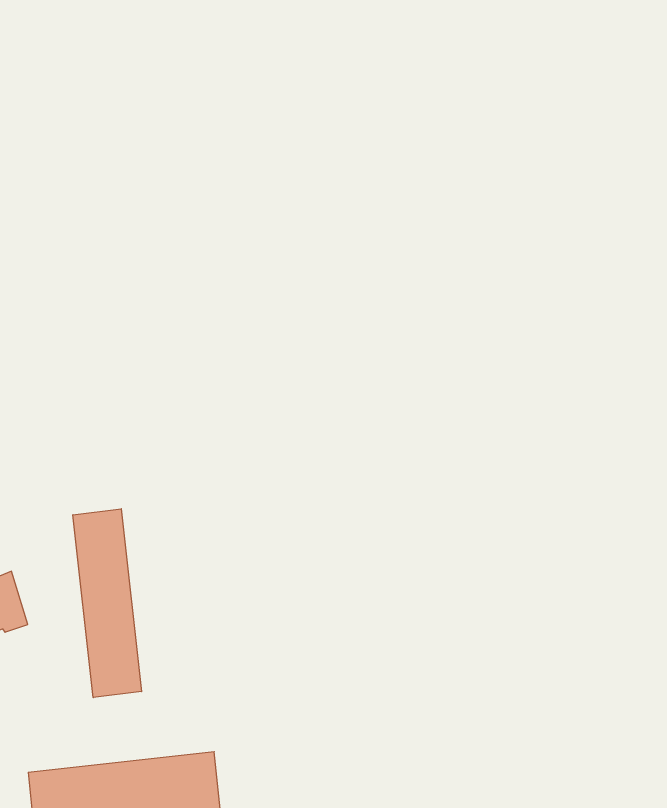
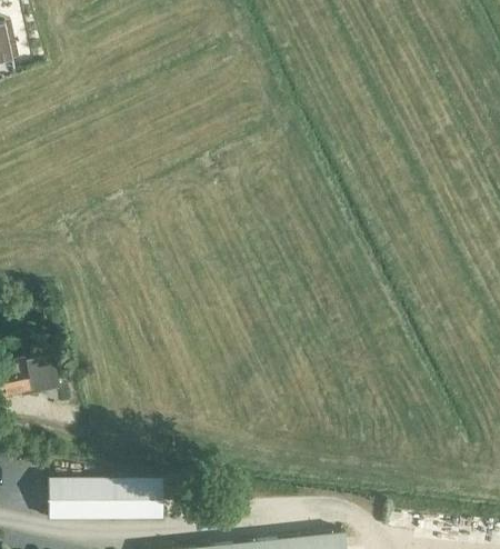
building: [73,509,142,698] -> none

